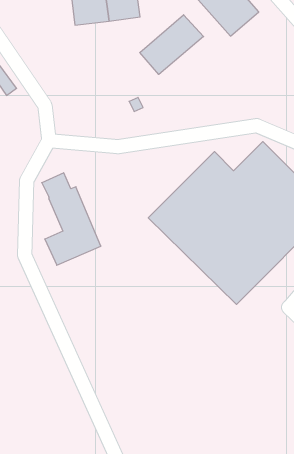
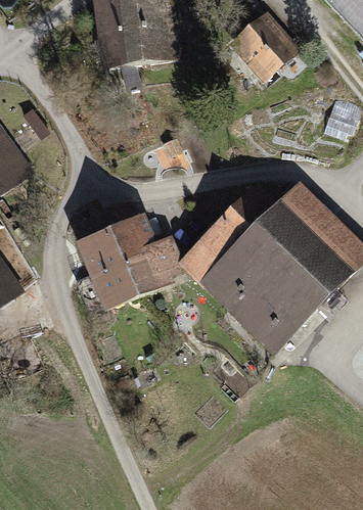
building: [140,15,204,74] -> none
building: none -> [110,203,178,290]

